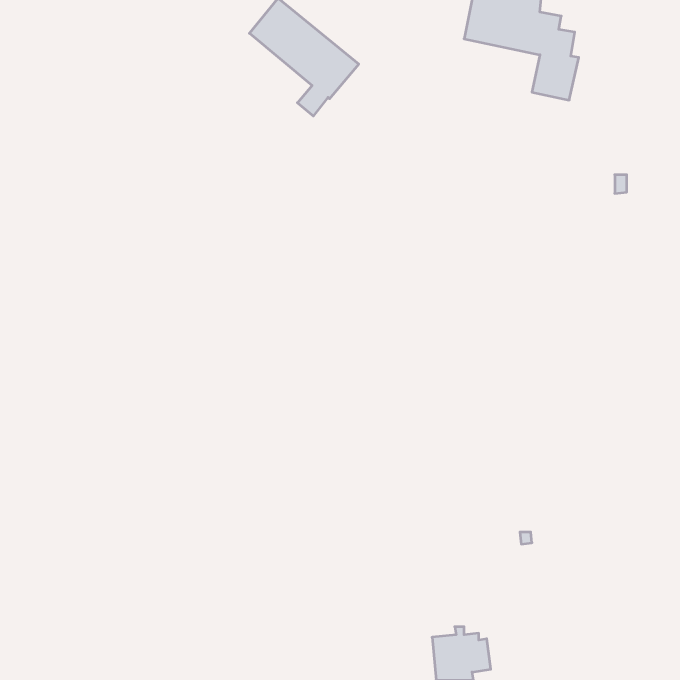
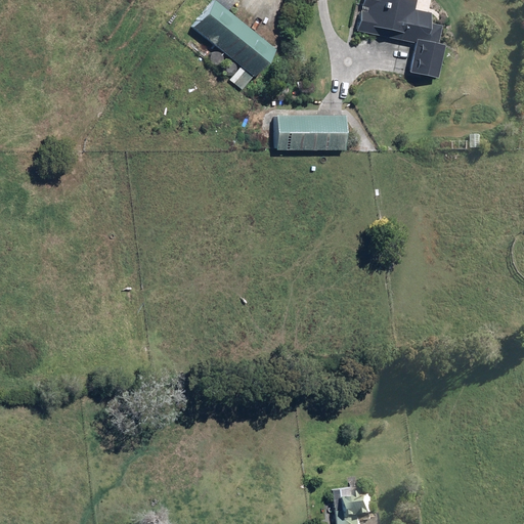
building: none -> [276,115,346,149]

